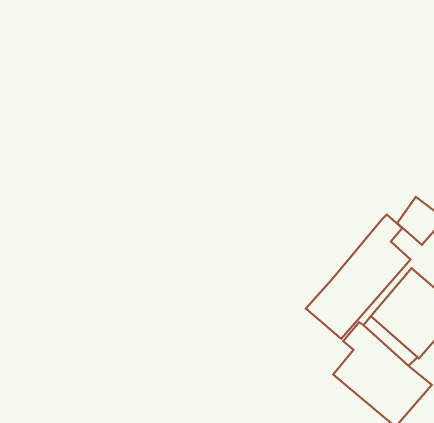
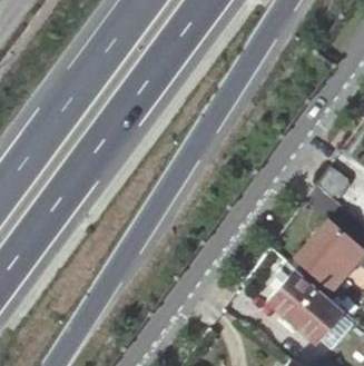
building: [306,215,411,339] -> none

